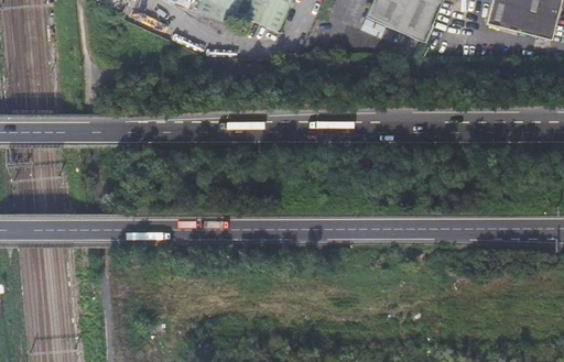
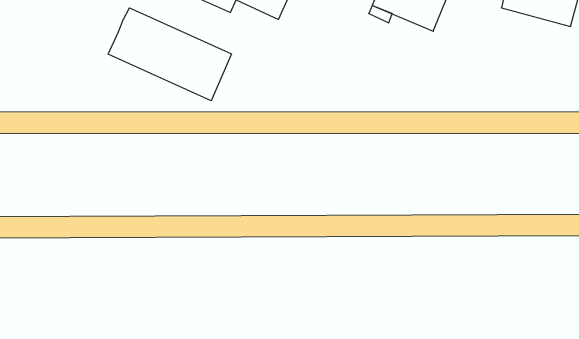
building: none -> [108,8,232,101]

